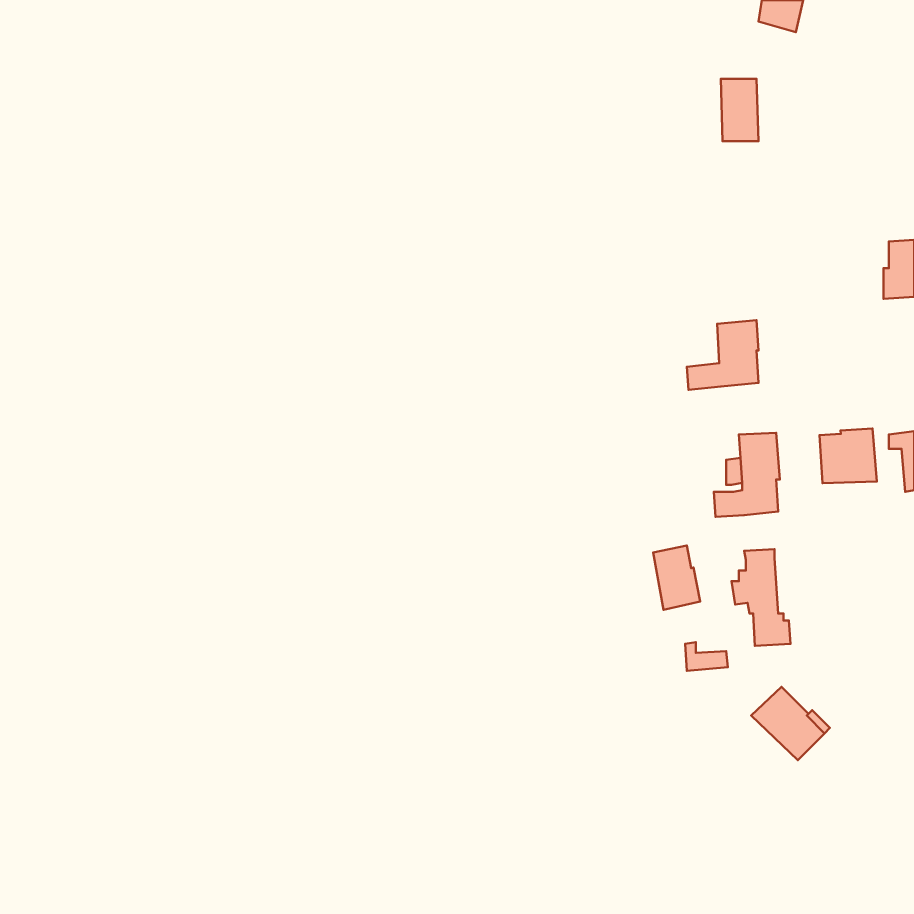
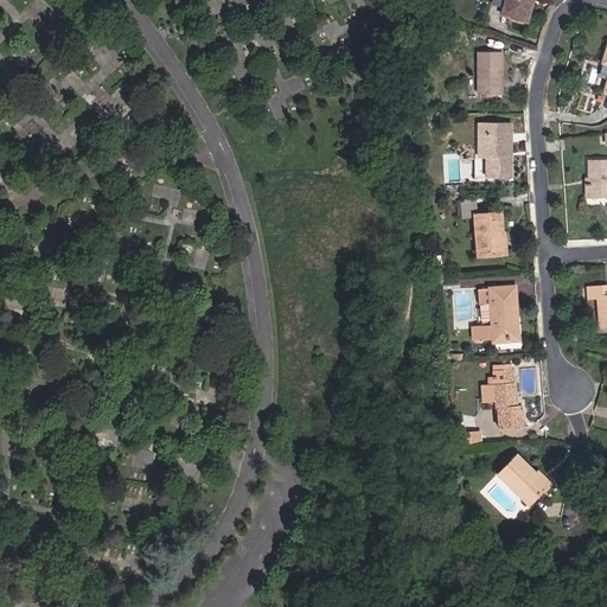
building: none -> [479,133,511,177]
building: [819,429,877,483] -> none
building: [653,546,700,610] -> none

